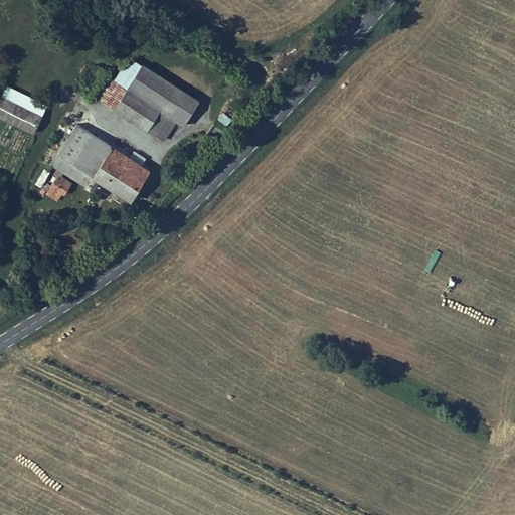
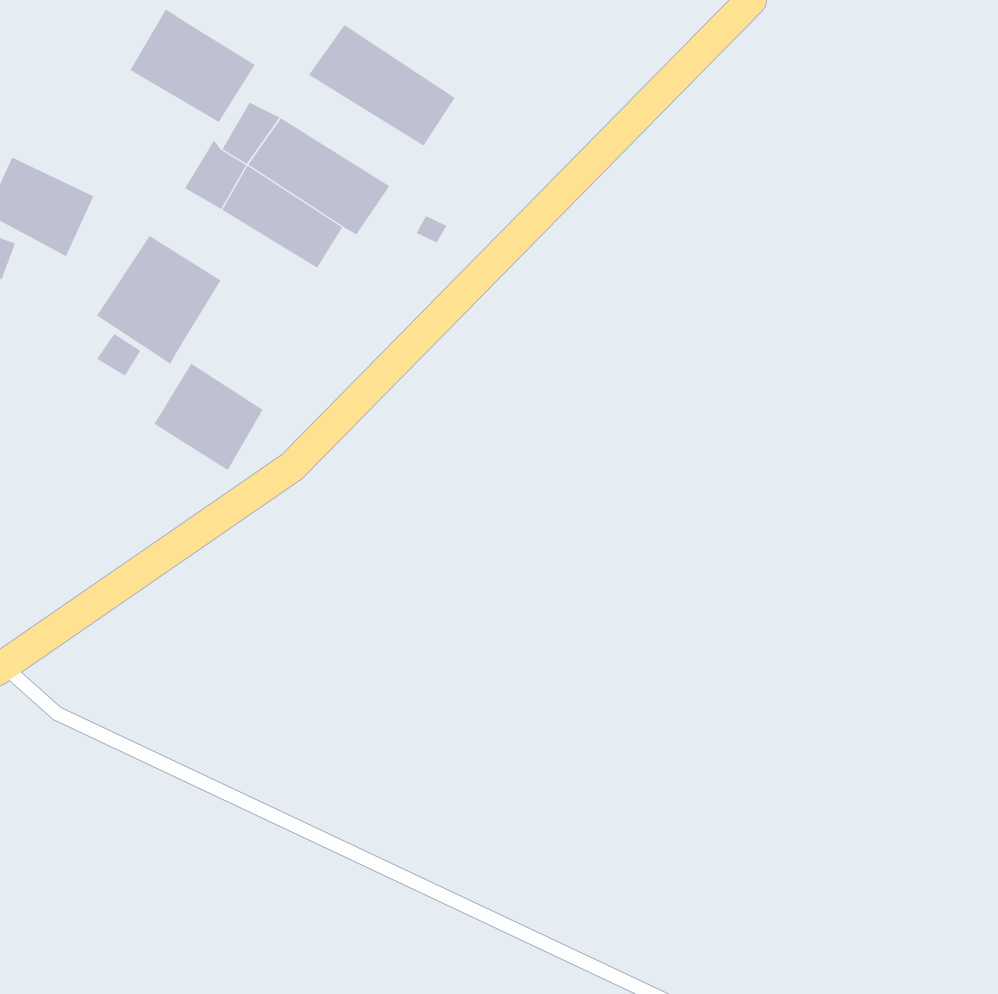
building: none -> [129,9,255,123]
building: none -> [308,24,456,147]
building: [95,148,151,203] -> [154,363,263,471]

